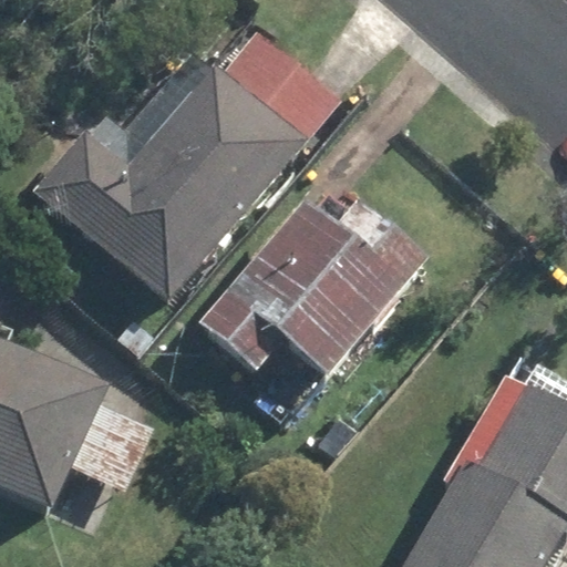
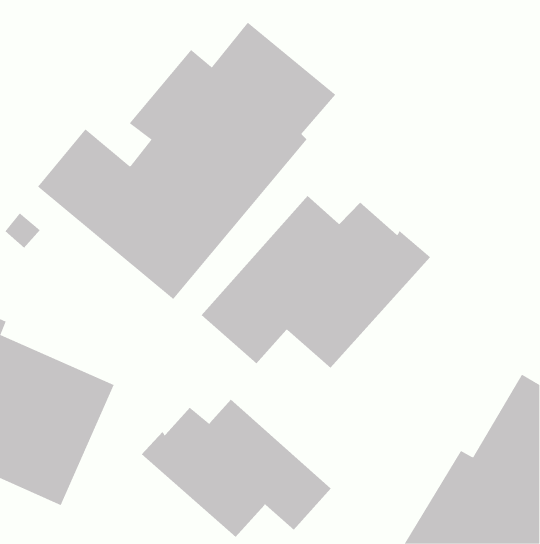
building: none -> [141,399,331,538]

